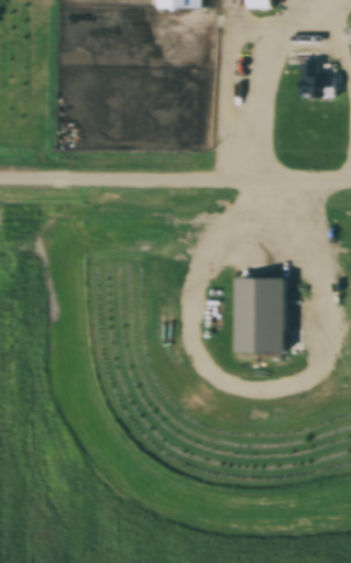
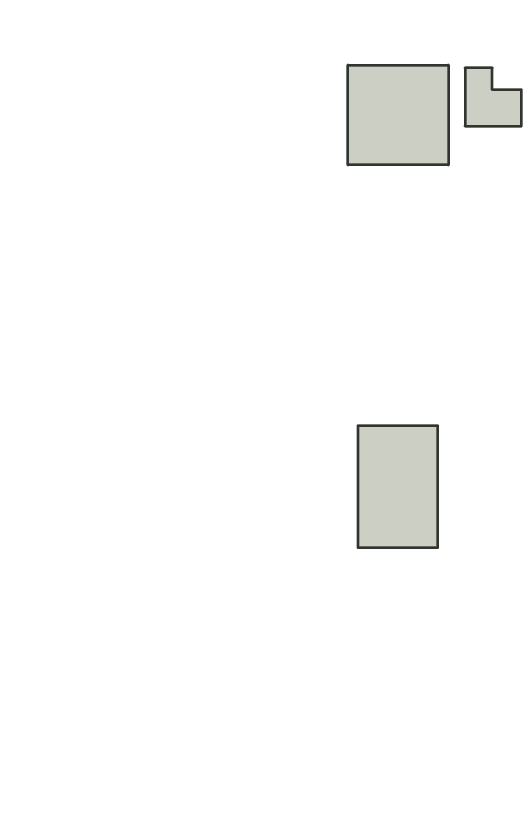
building: none -> [348,65,448,165]

